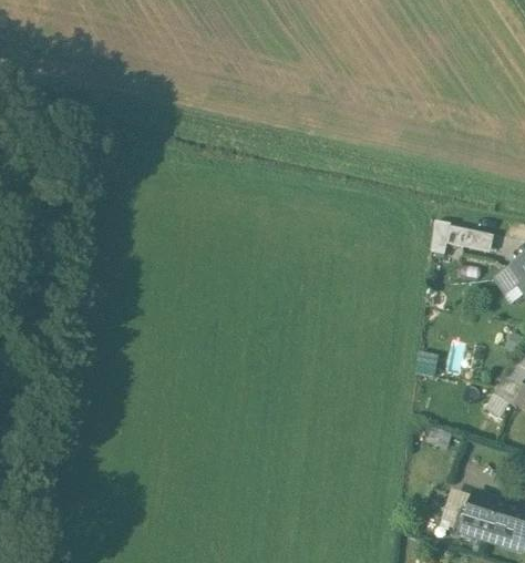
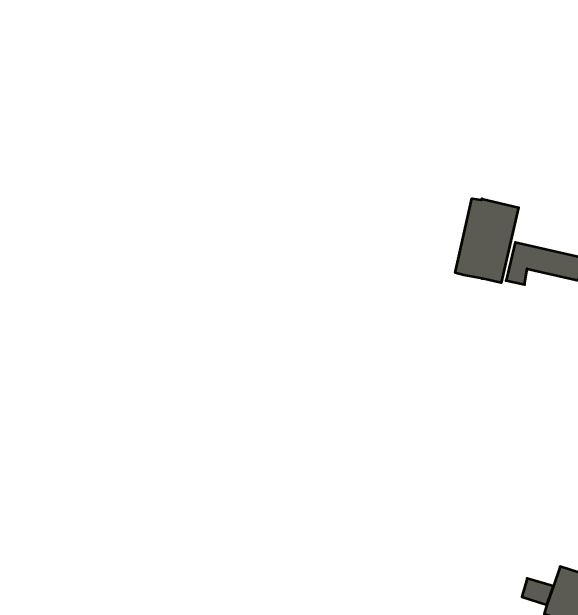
building: none -> [455,199,519,283]

